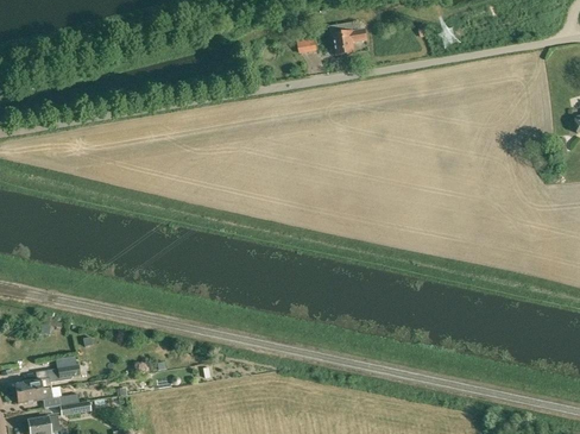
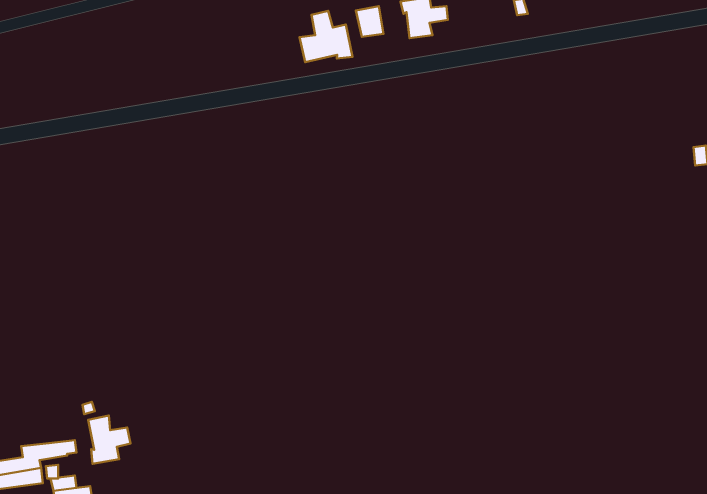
building: none -> [300,11,352,62]
building: none -> [88,416,130,464]

